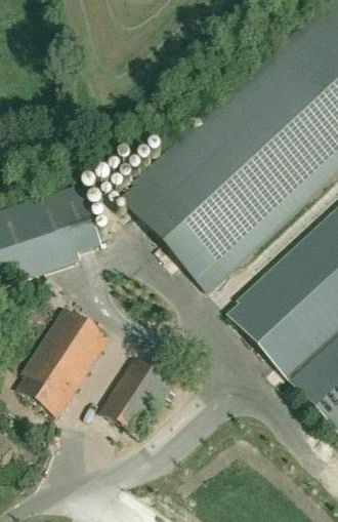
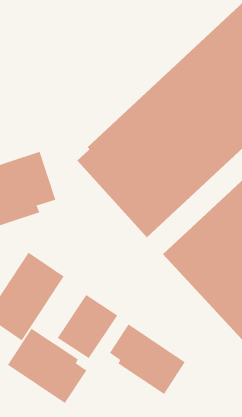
building: none -> [109,324,186,395]
building: none -> [7,328,87,404]

